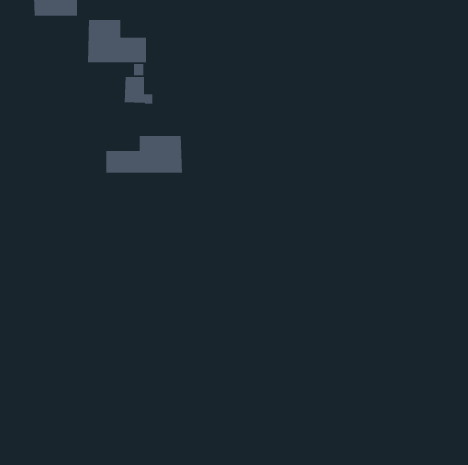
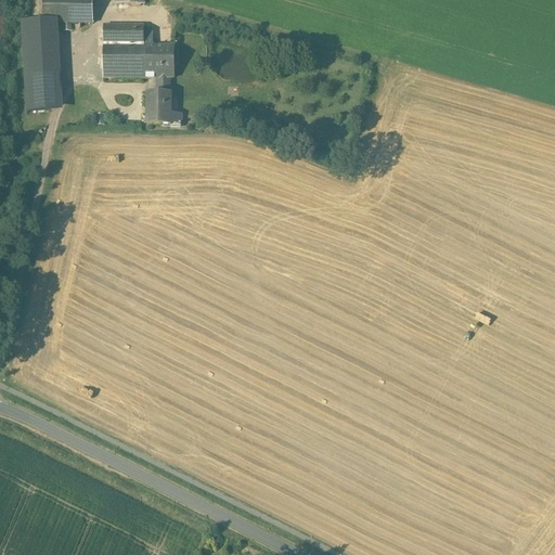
building: none -> [22,18,51,101]
building: [106,135,183,173] -> none

